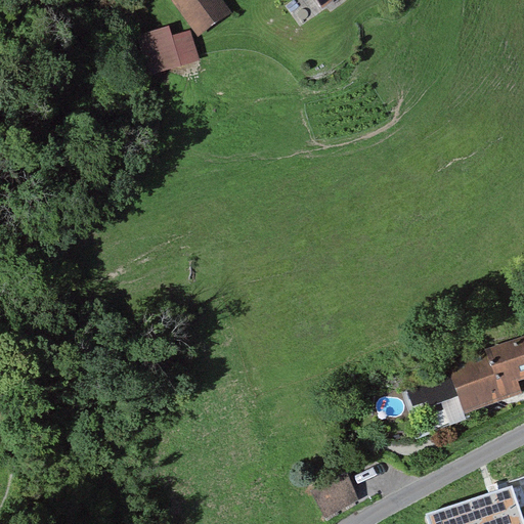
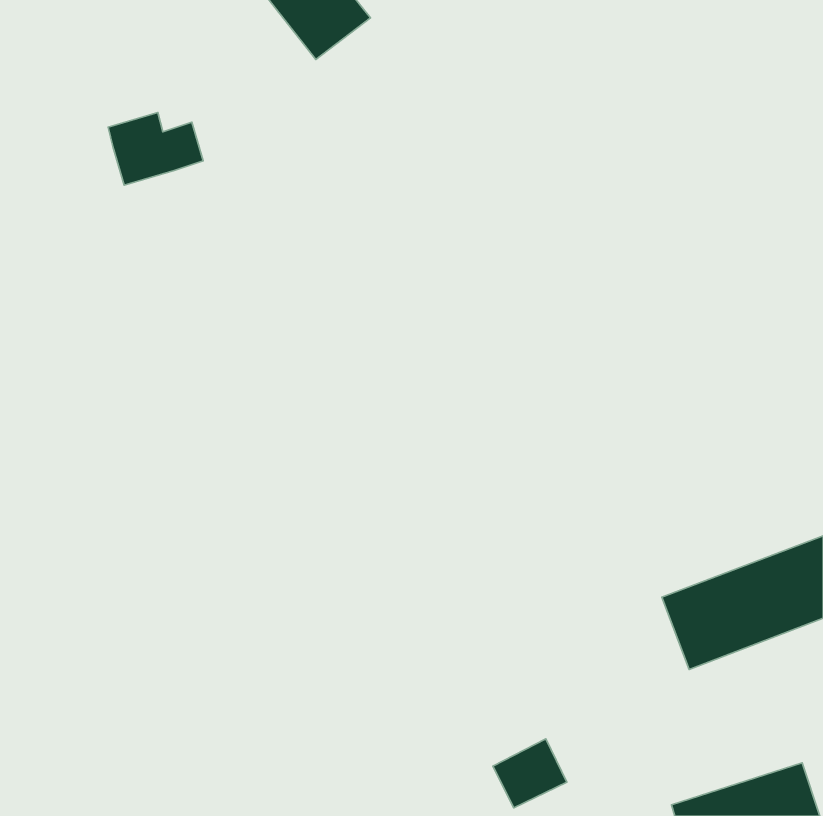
building: [140,28,201,74] -> [108,113,203,185]

